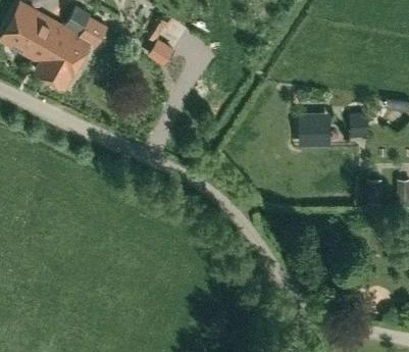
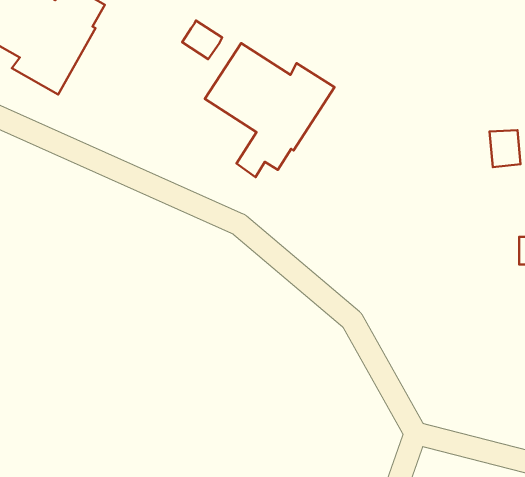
building: none -> [205,43,335,177]
building: [298,114,330,150] -> none

